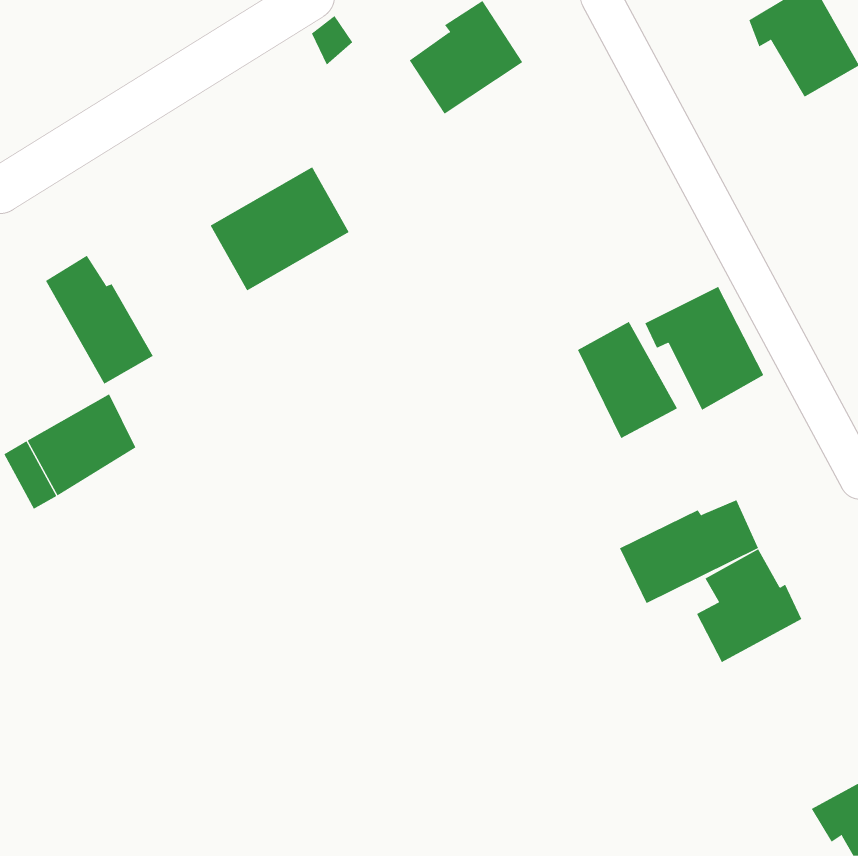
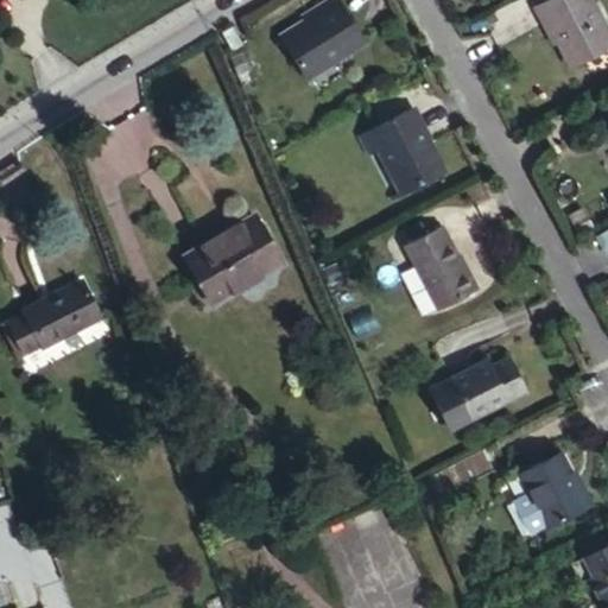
building: [210,167,349,291] -> [184,210,283,298]
building: [45,255,153,384] -> none
building: [645,286,764,411] -> [357,108,442,196]
building: [696,548,802,663] -> [520,461,595,542]

